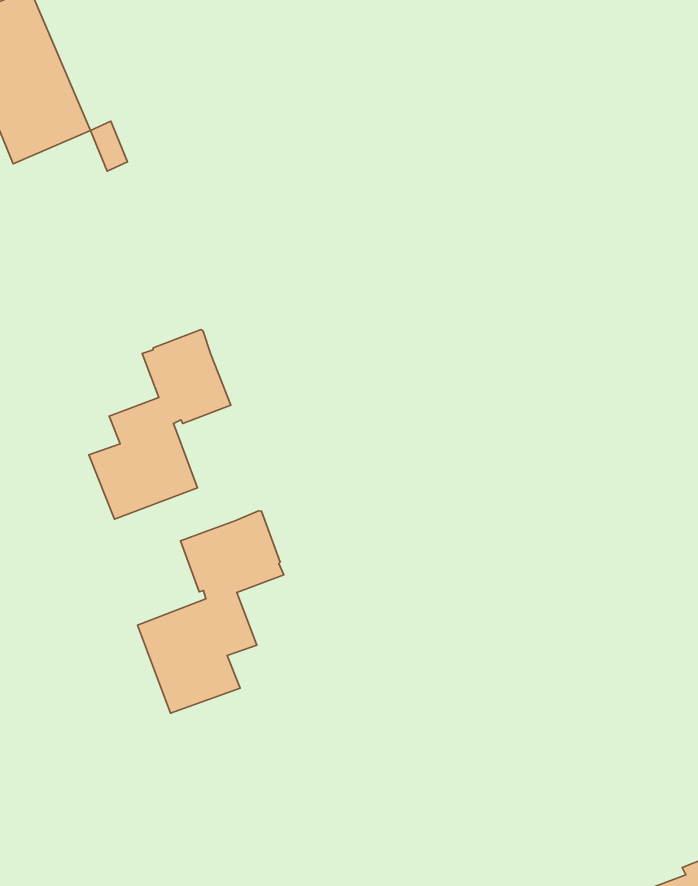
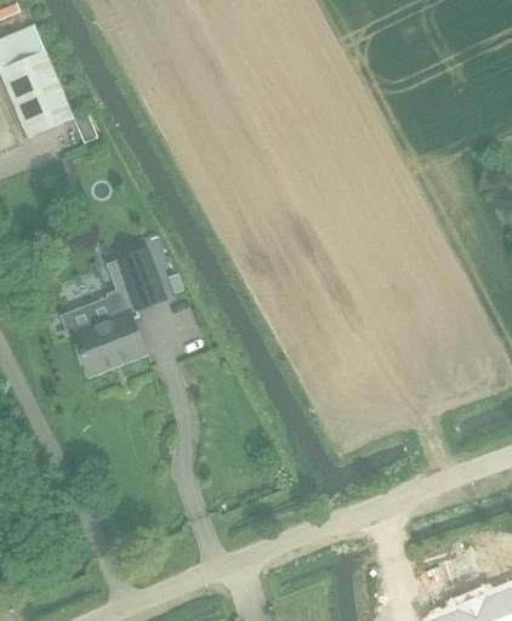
building: [137,511,284,713] -> none

